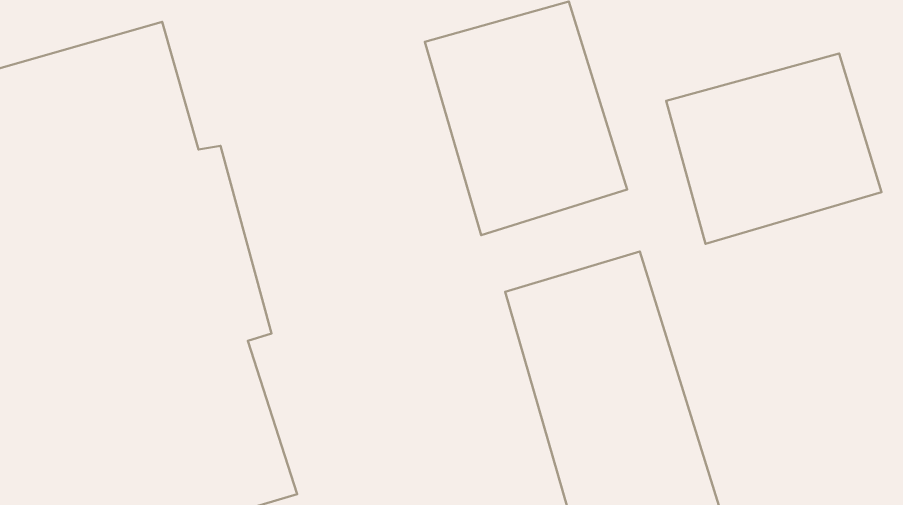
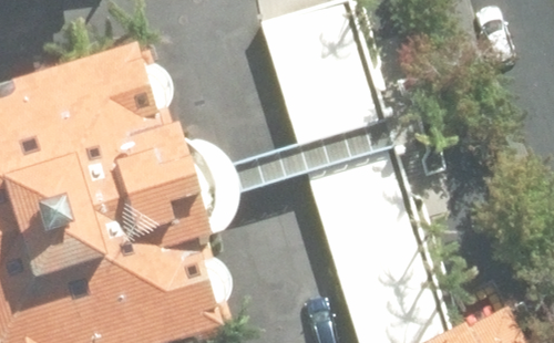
building: [666,53,882,244] -> none

